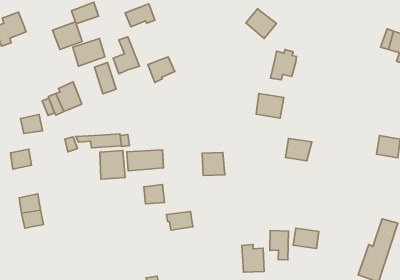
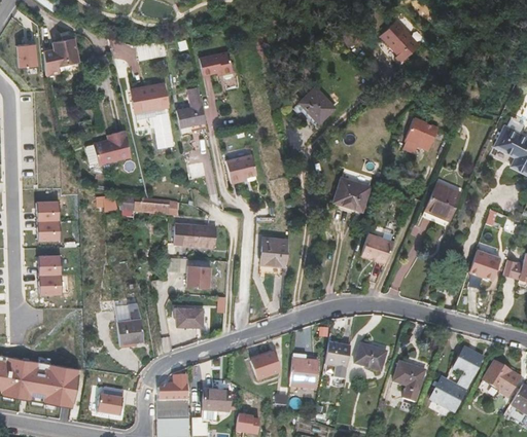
building: [246,9,276,38] -> [300,87,336,123]
building: [53,22,82,50] -> none
building: [270,50,297,80] -> [402,117,437,152]
building: [148,57,175,83] -> [226,155,257,183]
building: none -> [425,182,461,220]
building: [21,115,43,134] -> [37,220,61,240]
building: [100,151,125,179] -> none
building: [166,211,193,230] -> [175,307,204,327]
building: none -> [115,302,145,347]
building: none -> [393,362,425,401]
building: none -> [250,352,281,380]

